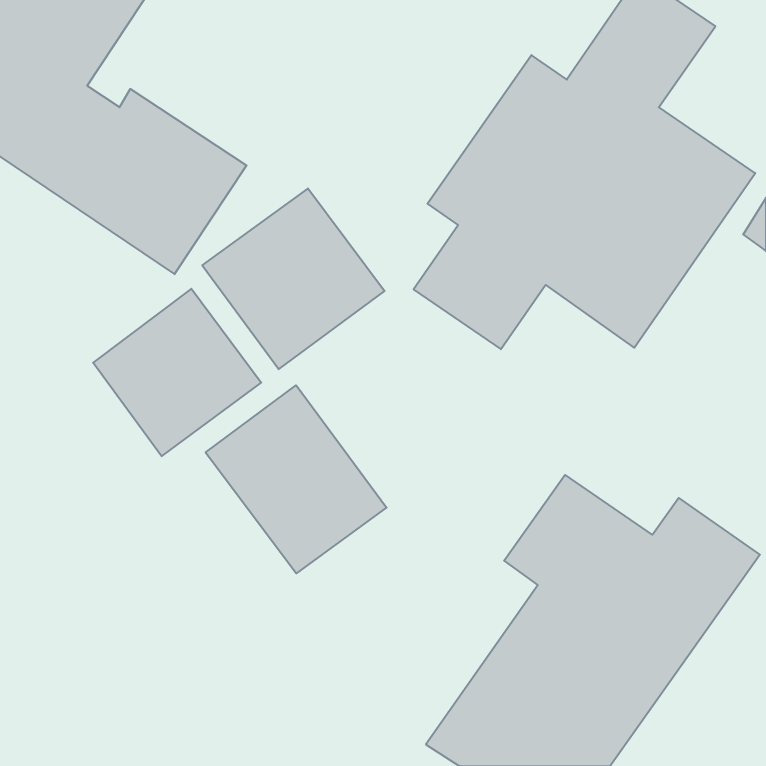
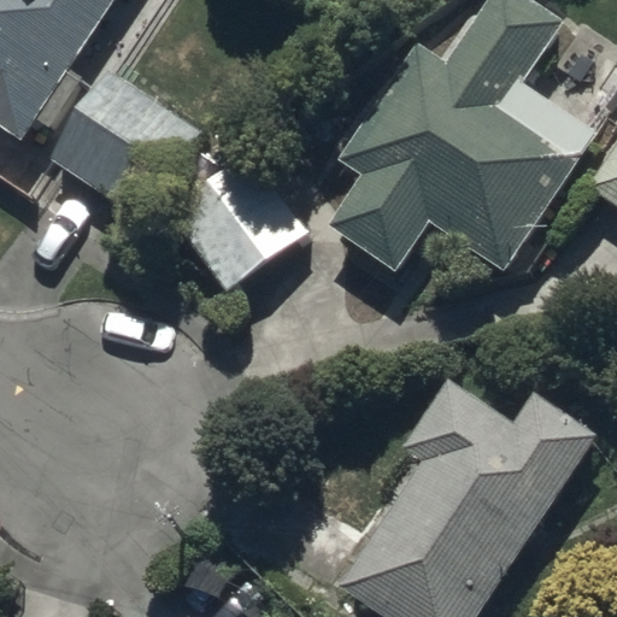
building: [93,289,261,456] -> none
building: [206,385,387,573] -> none

